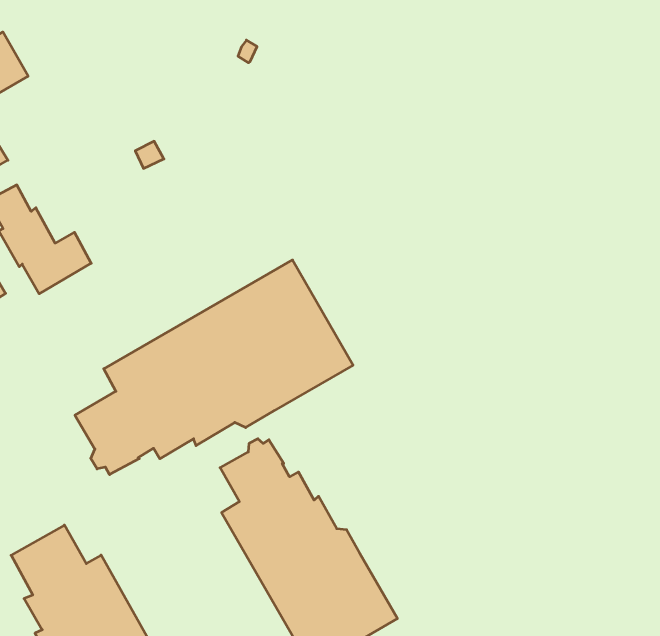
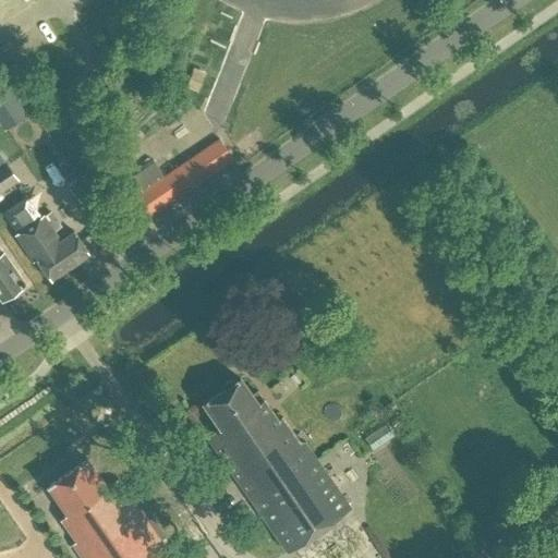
building: none -> [126,141,232,217]
building: [75,260,353,475] -> none

